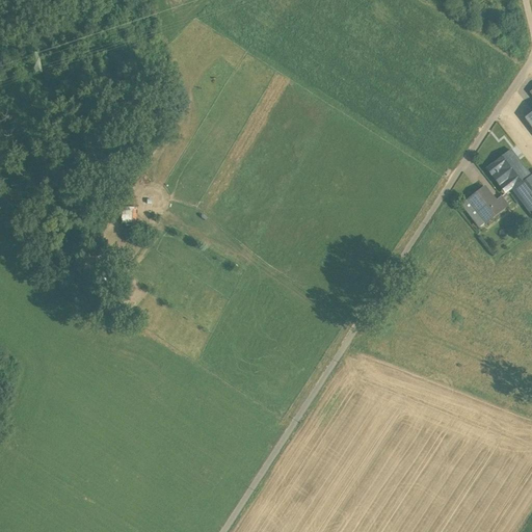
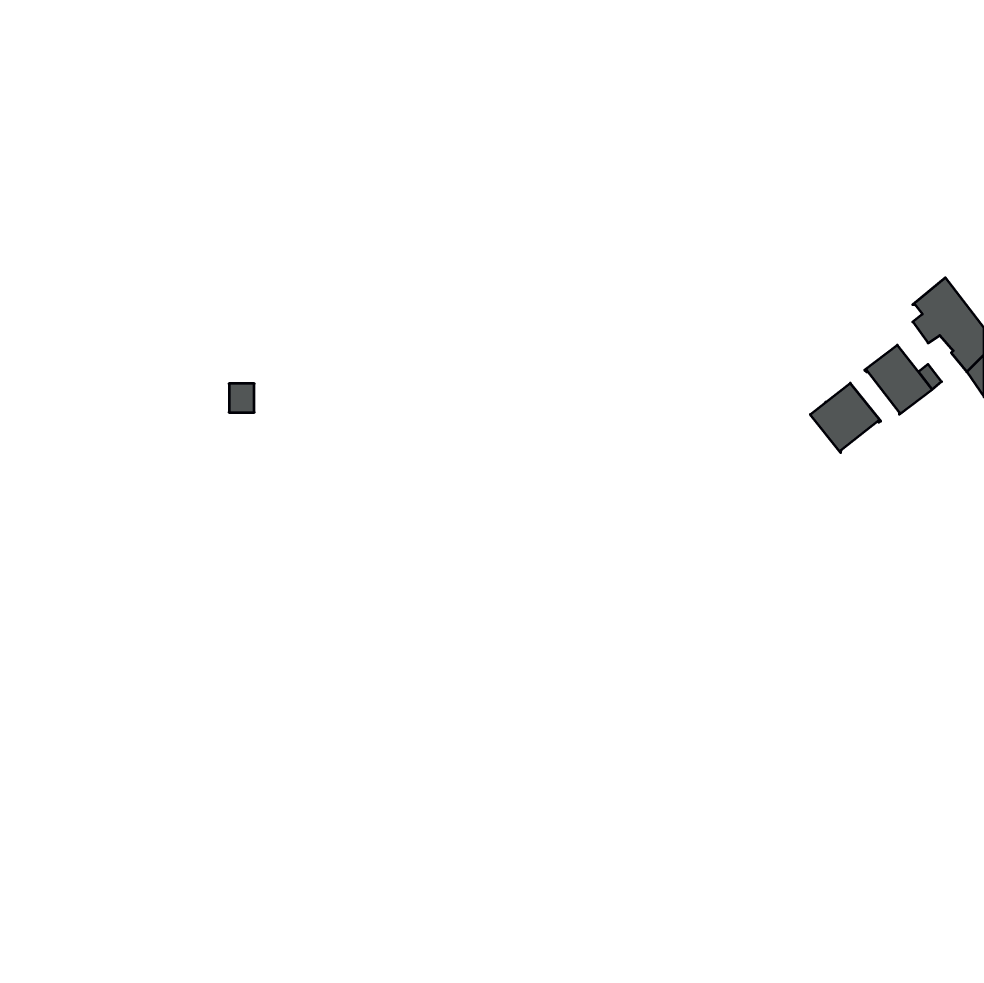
building: none -> [810,383,881,453]

